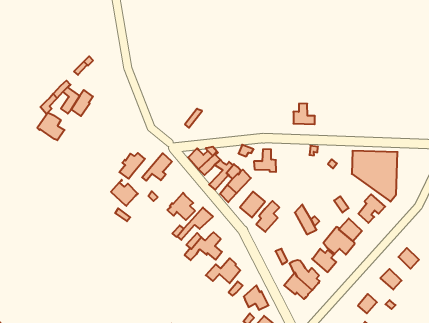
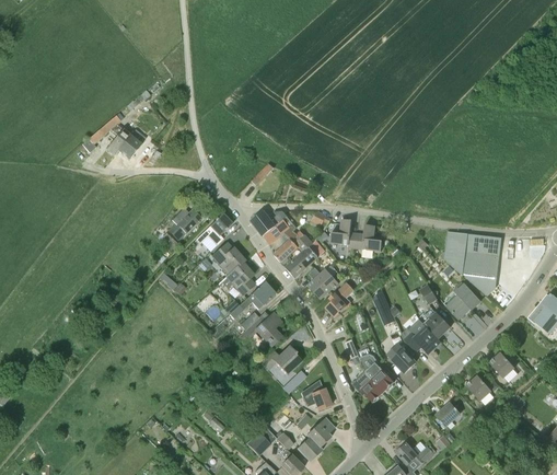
building: [293,104,315,124] -> [356,224,382,251]
building: [37,113,65,140] -> none
building: [111,180,138,206] -> [212,242,244,274]

